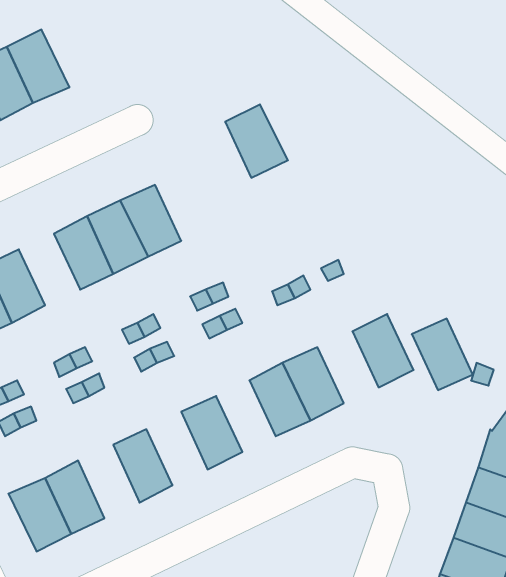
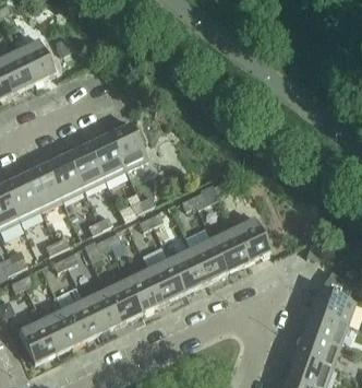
building: [225,104,288,178] -> [109,124,148,169]
building: none -> [24,165,62,210]
building: [412,319,473,390] -> [210,226,249,271]
building: none -> [142,246,184,302]
building: none -> [104,277,142,322]
building: none -> [56,285,99,343]

